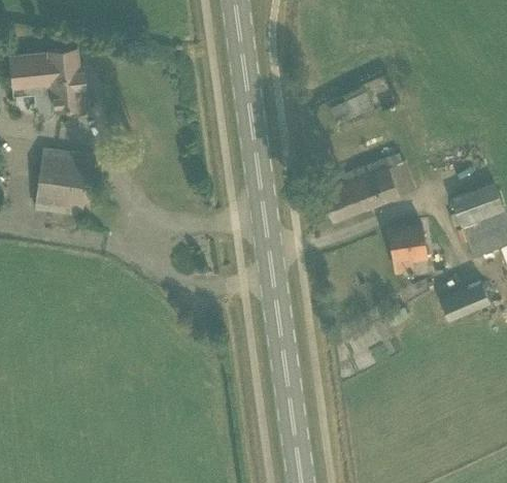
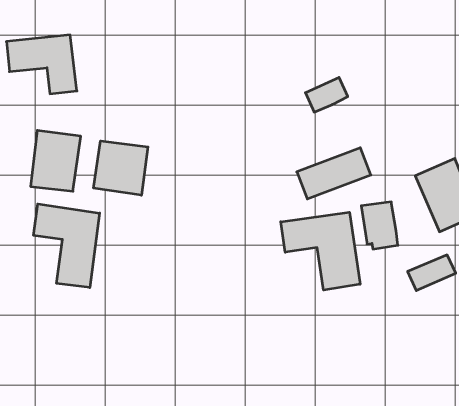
building: none -> [94,141,148,195]
building: none -> [34,204,100,288]
building: none -> [281,212,360,290]

